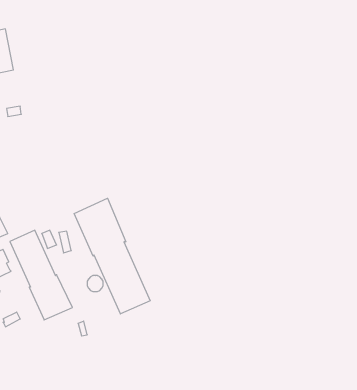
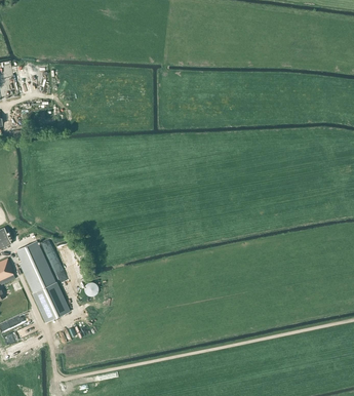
building: [74,198,150,314] -> none

